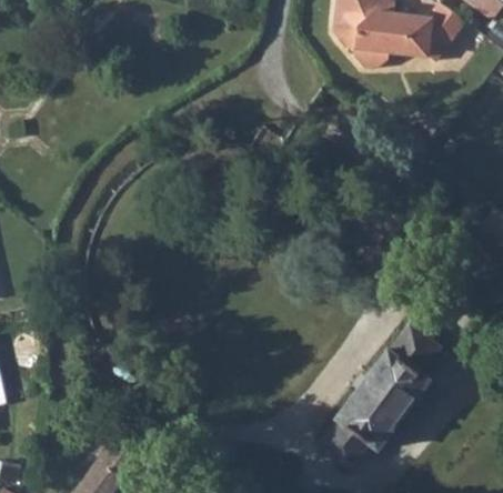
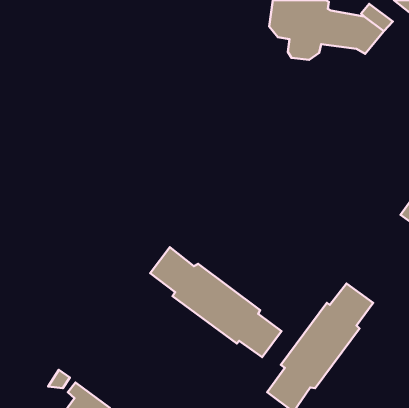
building: none -> [150,247,282,357]

